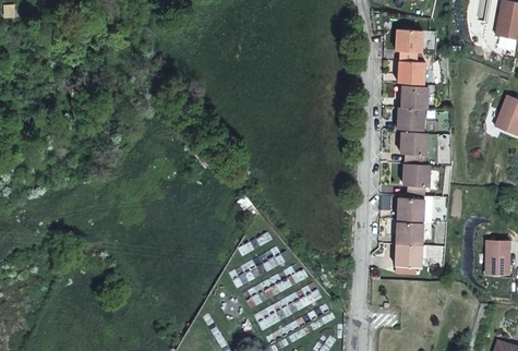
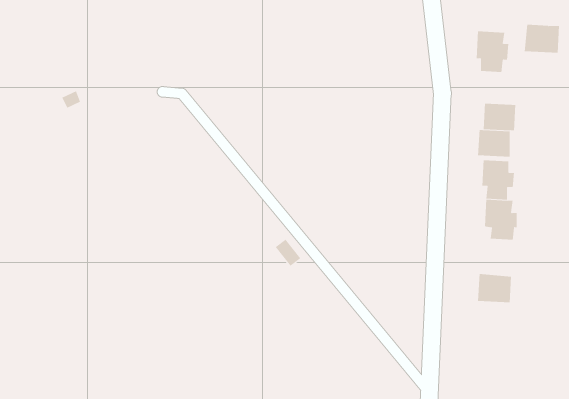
building: [397,63,425,86] -> [524,24,560,53]
building: [398,198,433,221] -> none
building: [396,244,423,267] -> none

